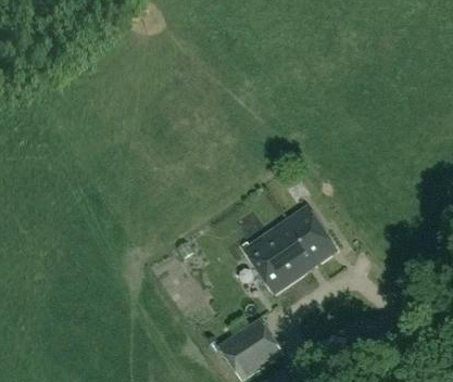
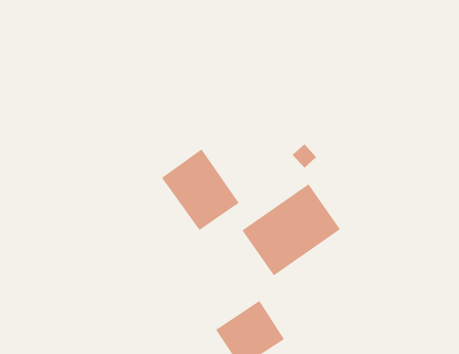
building: none -> [161,148,240,231]

